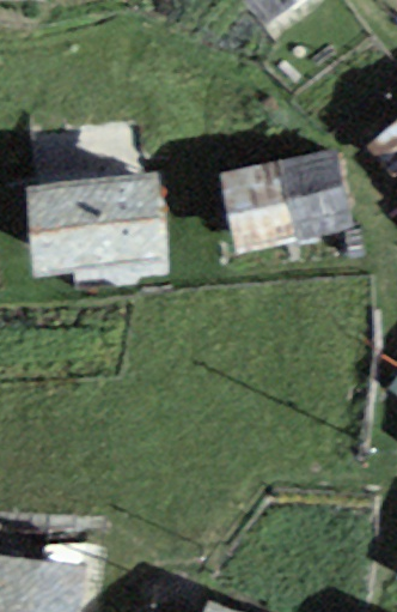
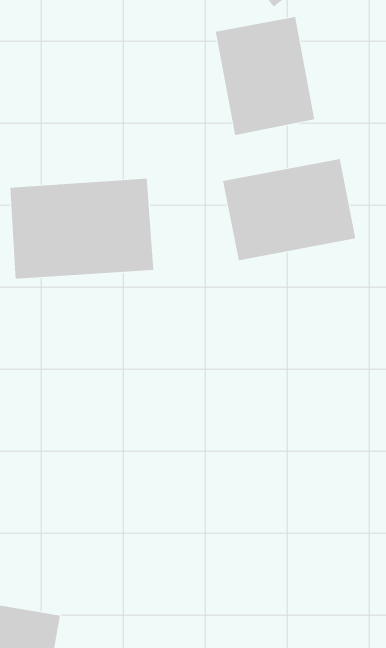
building: none -> [215,16,315,136]

